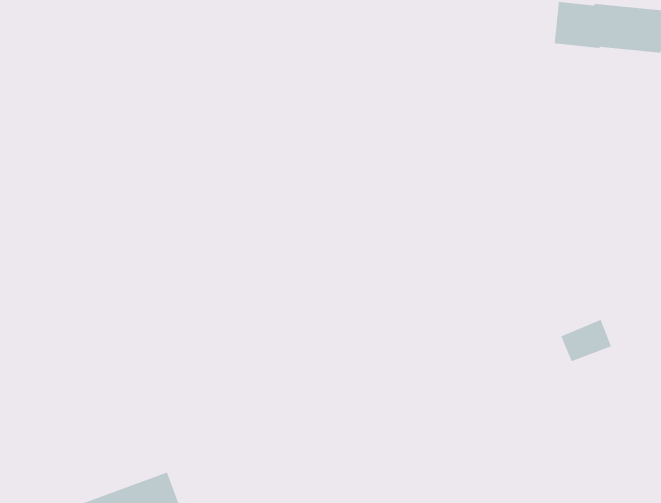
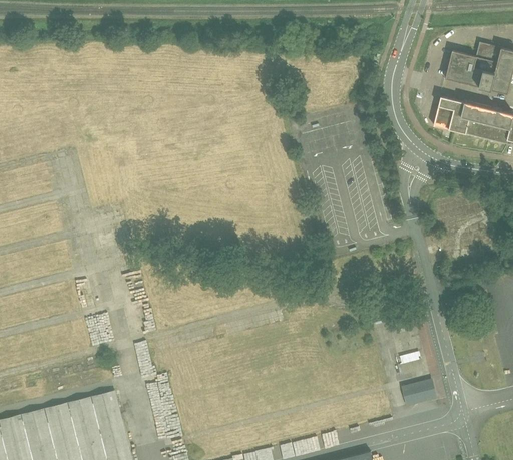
building: [561,319,612,362] -> [401,378,436,405]

